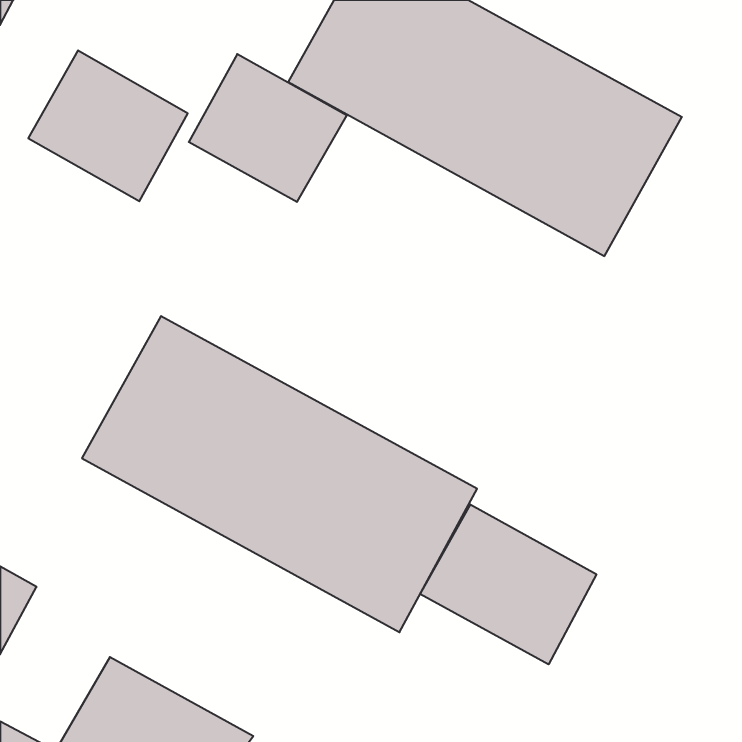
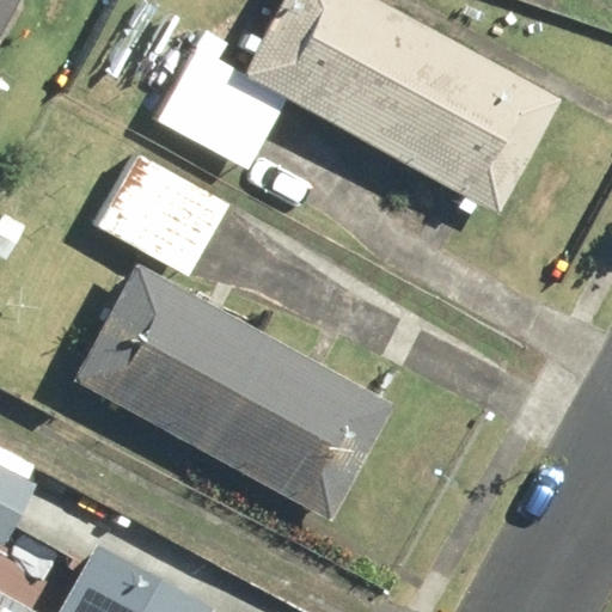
building: [28,50,188,201] -> [98,154,228,277]
building: [420,504,596,664] -> none

